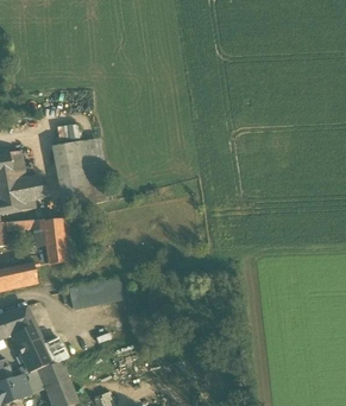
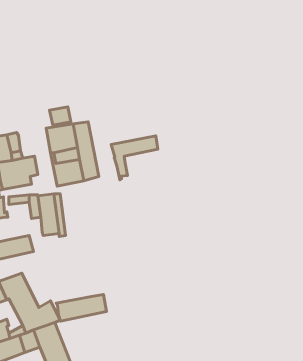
building: none -> [111,136,158,180]
building: [68,279,124,309] -> [56,294,107,321]

